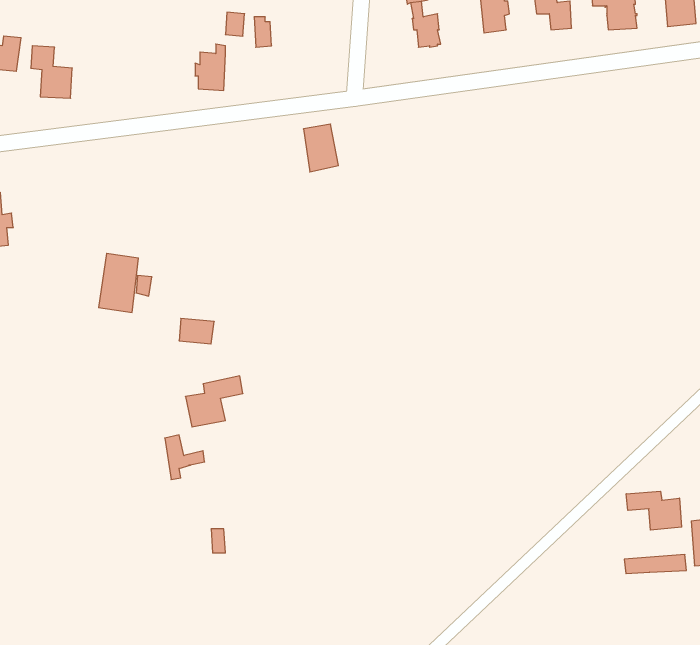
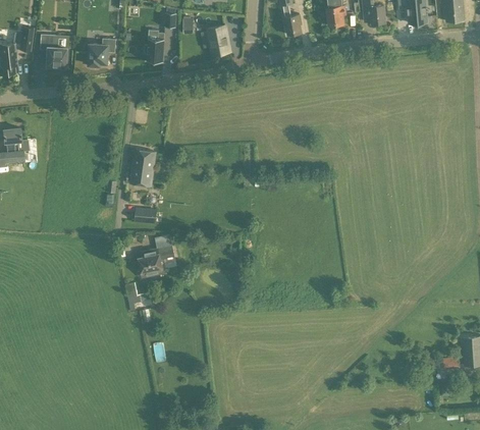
building: none -> [89,39,116,67]
building: [303,124,338,172] -> [208,24,230,55]
building: [99,253,138,312] -> [130,149,156,186]
building: [626,491,682,530] -> none

